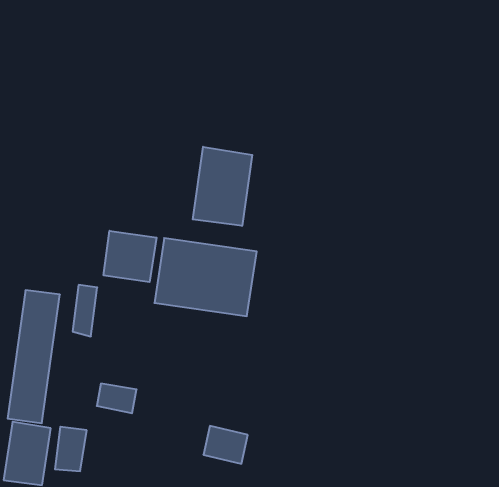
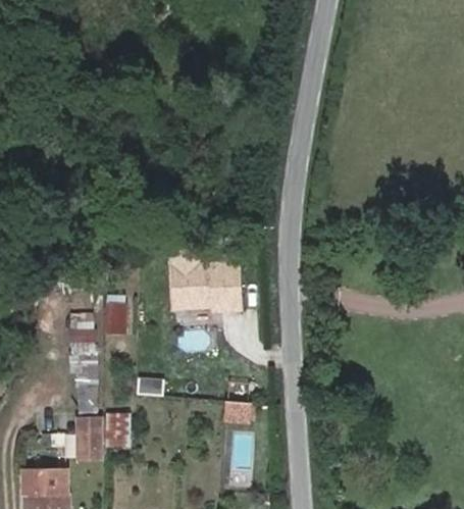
building: [193,147,252,226] -> none
building: [104,231,157,282] -> none

